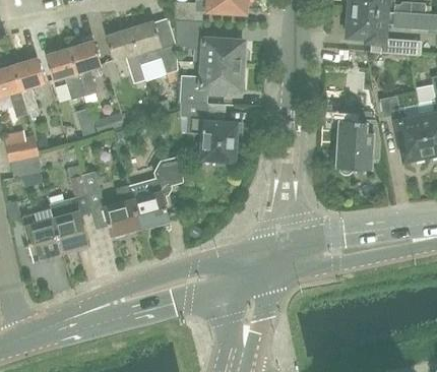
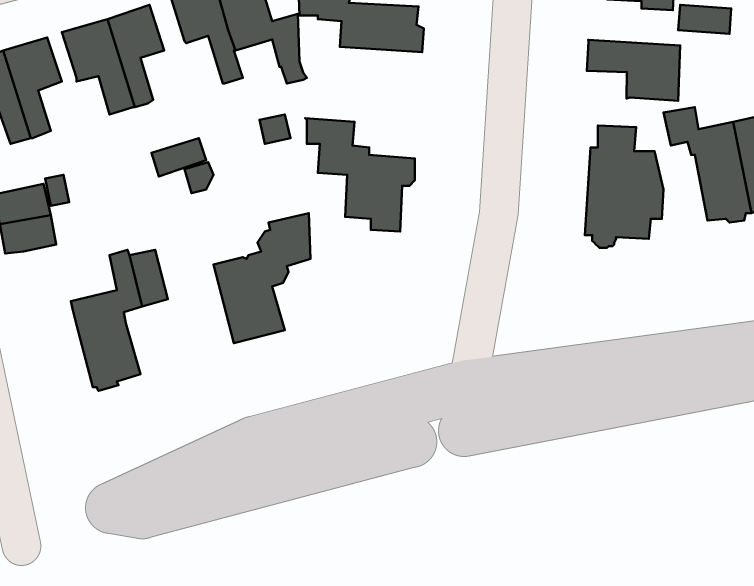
building: none -> [587,40,680,101]
building: [180,62,245,104] -> none
building: [104,183,140,235] -> none
building: [22,208,62,259] -> none

